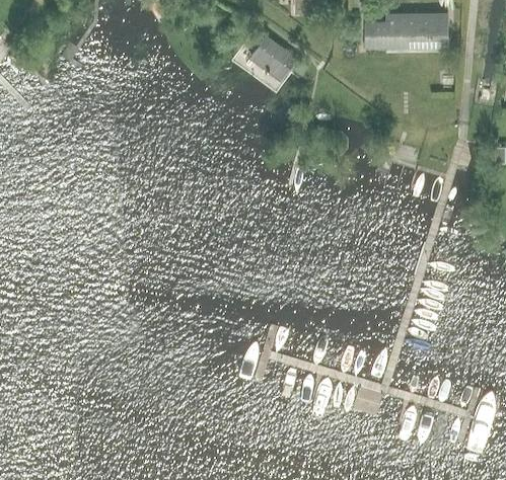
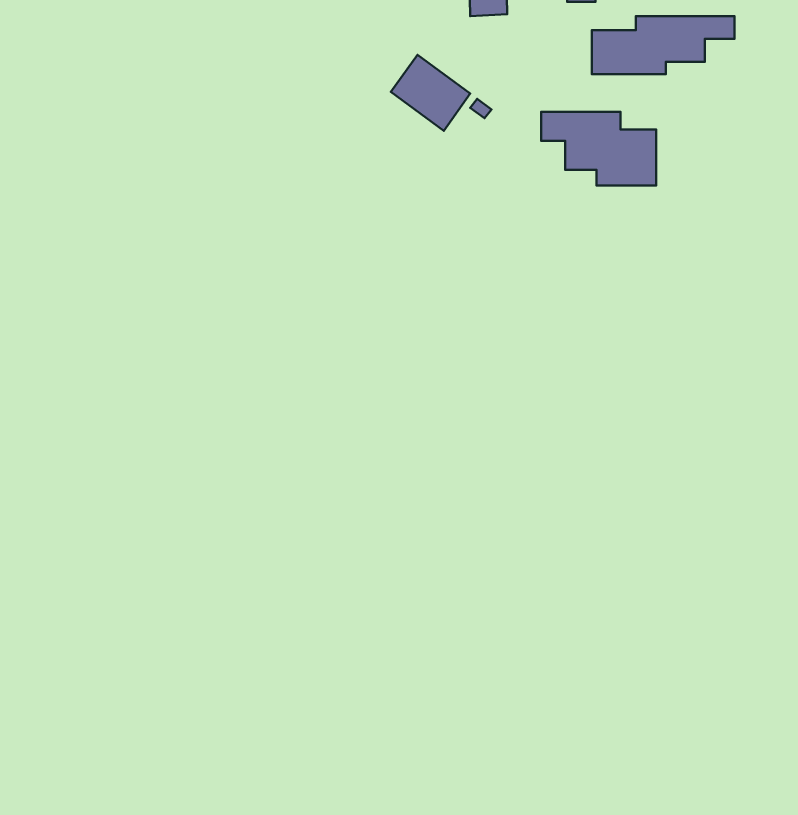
building: none -> [541,112,656,185]

